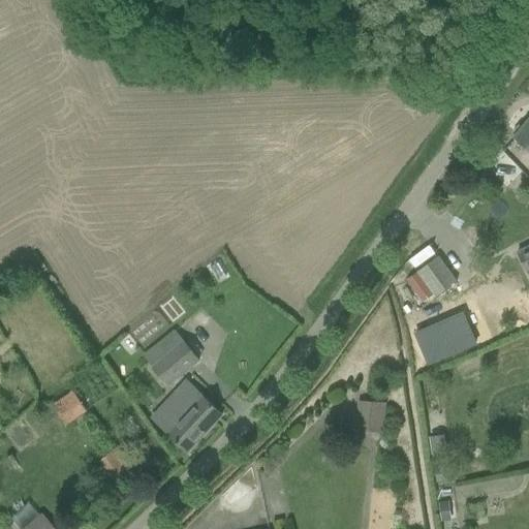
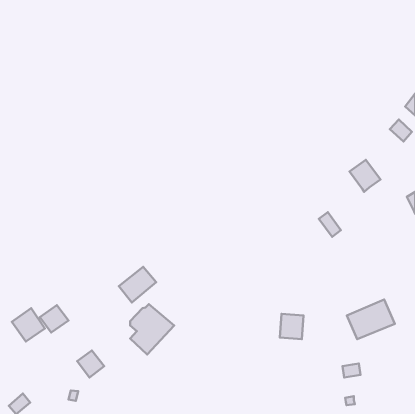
building: [416,255,456,295] -> [349,160,380,192]
building: [413,316,474,367] -> [347,299,395,339]
building: none -> [12,308,45,342]

